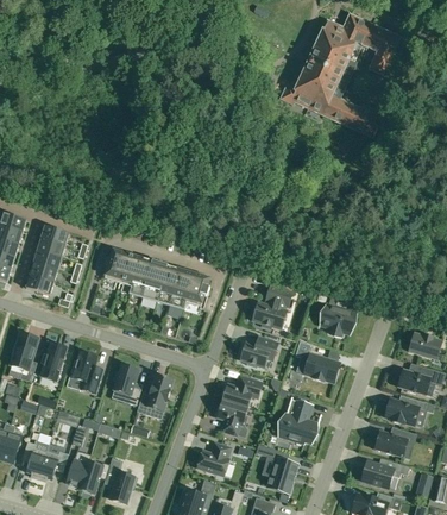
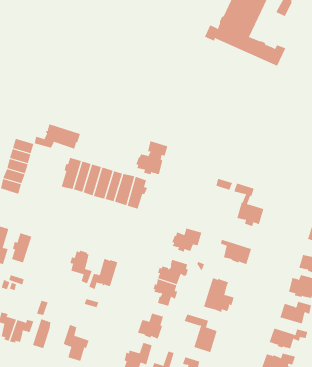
building: none -> [34,124,80,149]
building: [251,285,291,328] -> [136,140,168,175]
building: [71,351,99,392] -> none
building: [80,461,109,492] -> none

